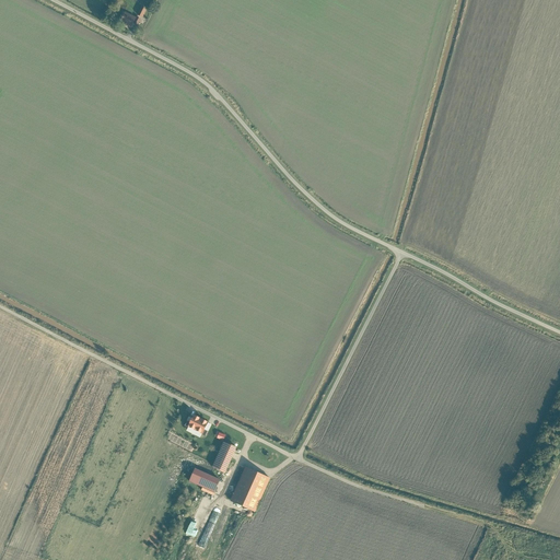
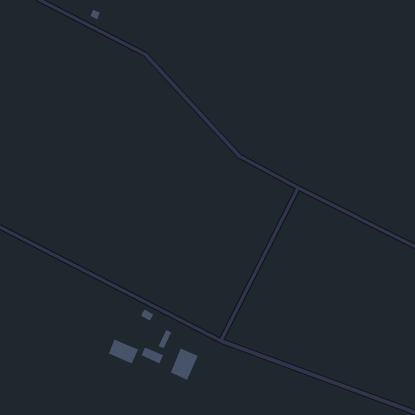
building: none -> [108,339,139,365]

